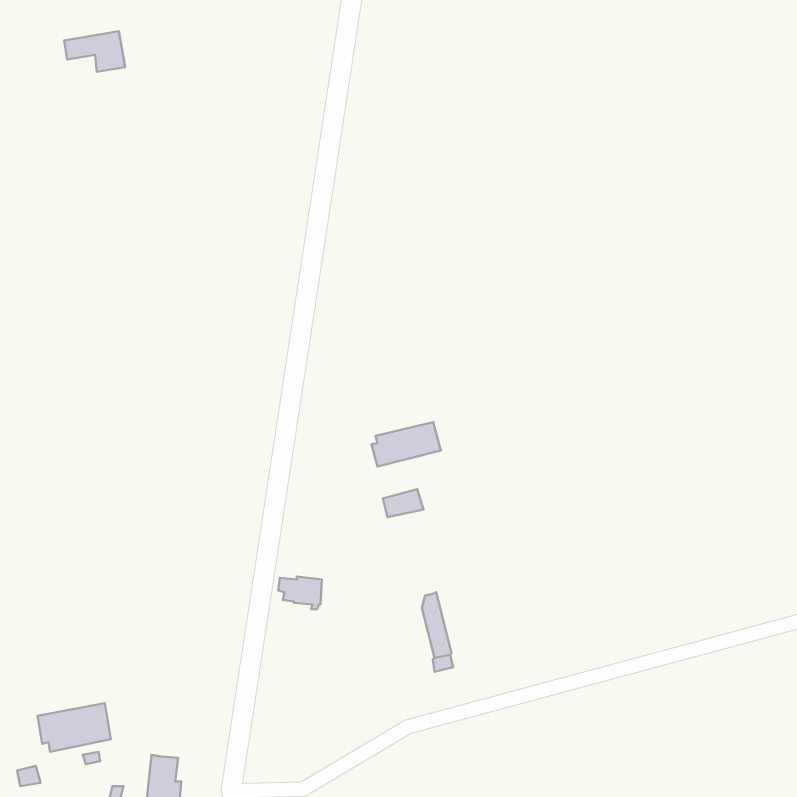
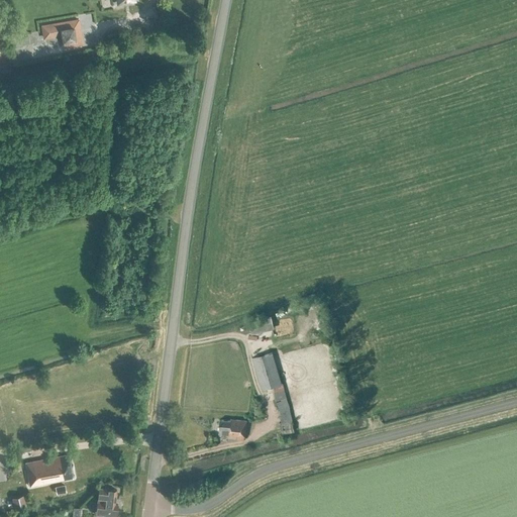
building: [372,422,441,466] -> none
building: none -> [251,353,280,390]
building: [278,576,322,609] -> [217,420,245,441]

